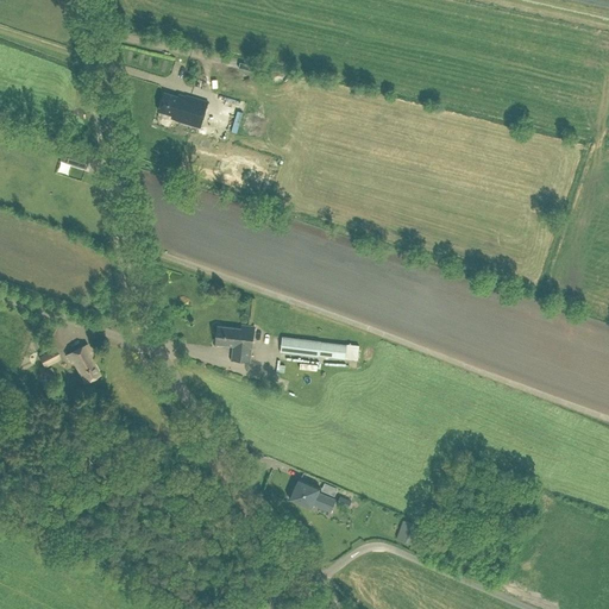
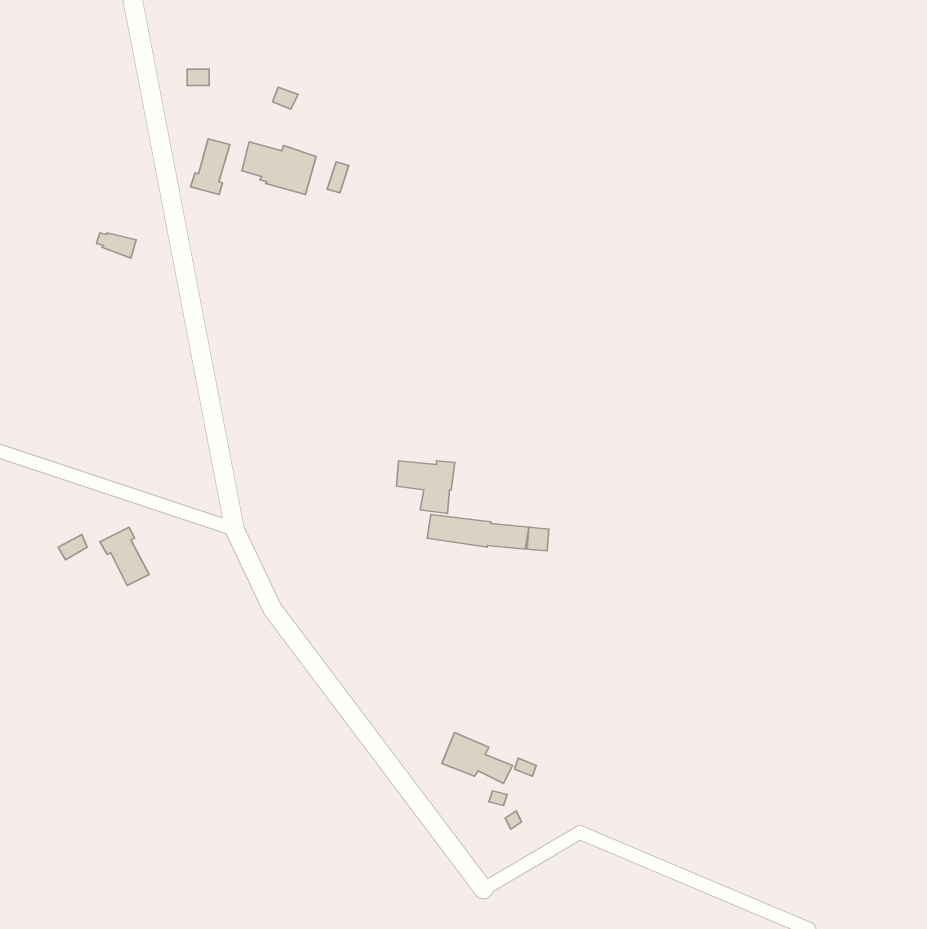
building: none -> [190,139,230,195]
building: [215,327,253,362] -> [397,461,455,514]

